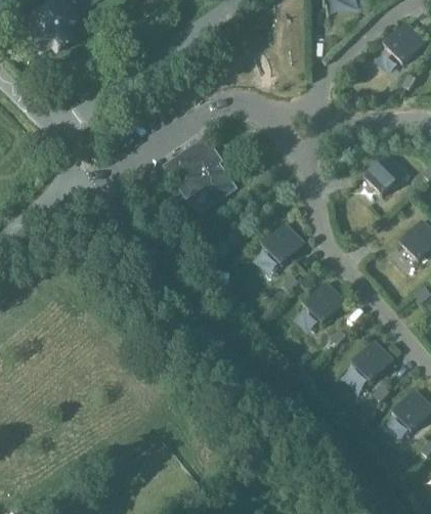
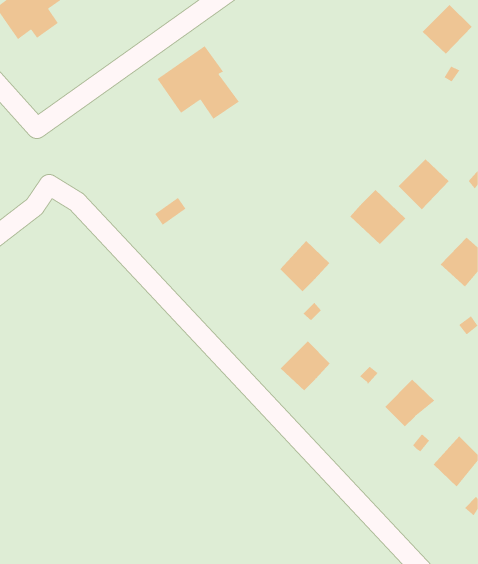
building: [165,138,235,202] -> [157,45,240,120]
building: none -> [350,189,406,245]
building: [302,282,345,325] -> [280,341,331,391]

